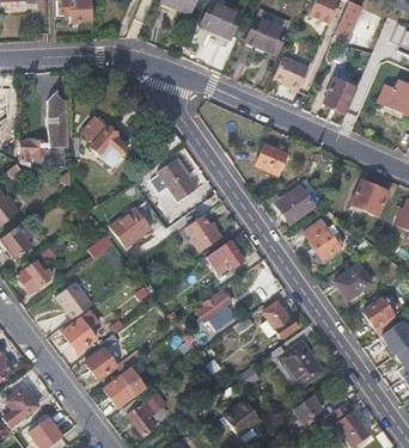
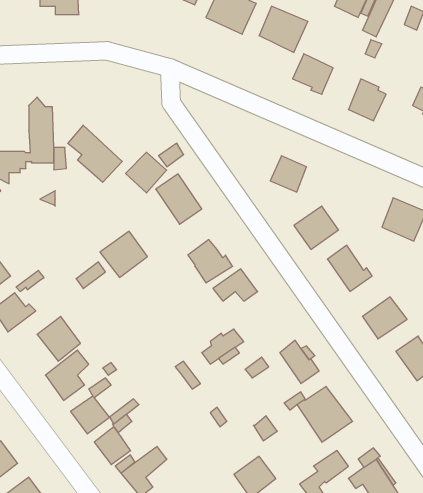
building: none -> [126,152,167,193]

